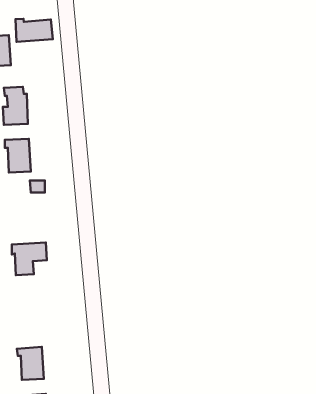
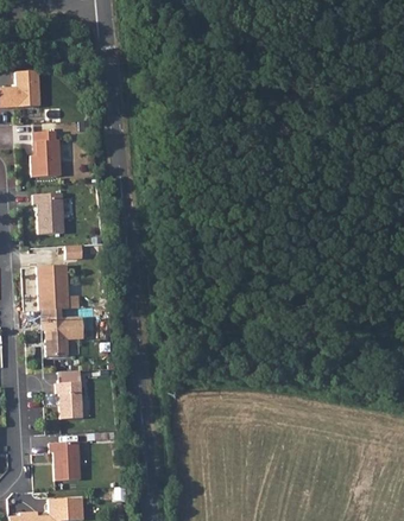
building: [15,19,53,42] -> none
building: none -> [37,265,69,310]
building: none -> [55,382,82,419]

